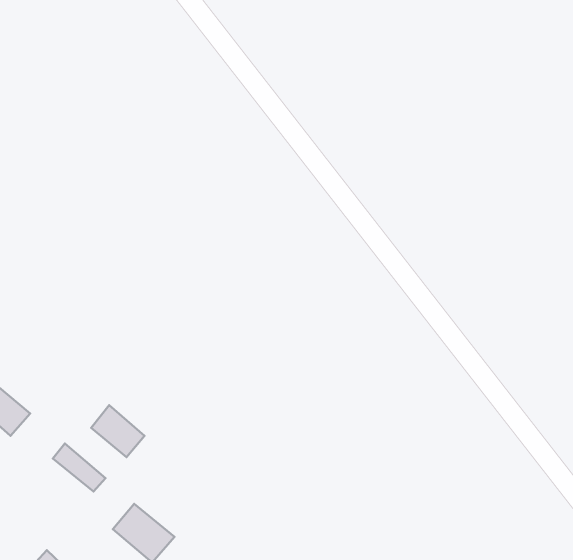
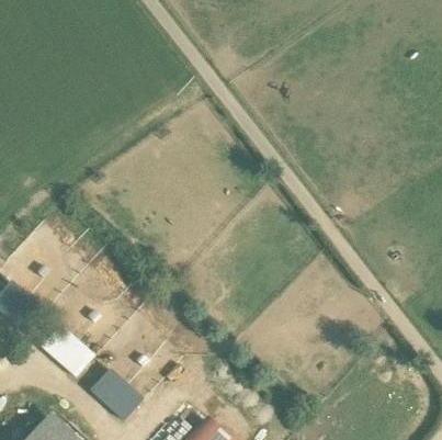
building: [91,405,145,457] -> none

